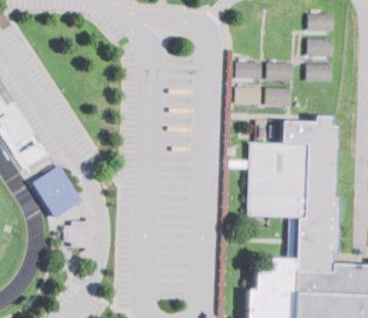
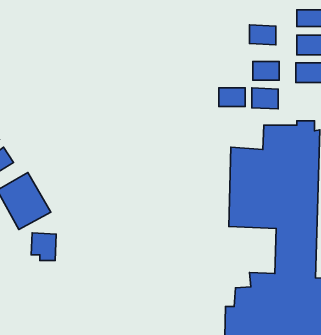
building: [238,60,263,79] -> [250,25,276,45]

